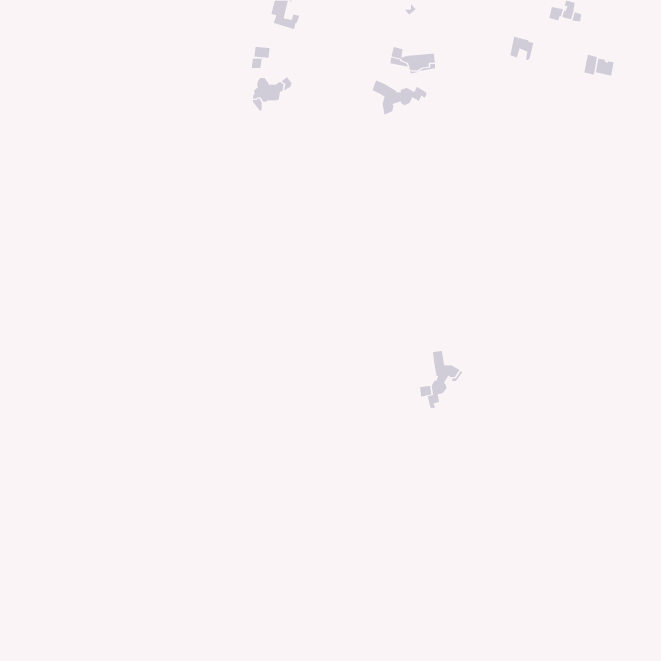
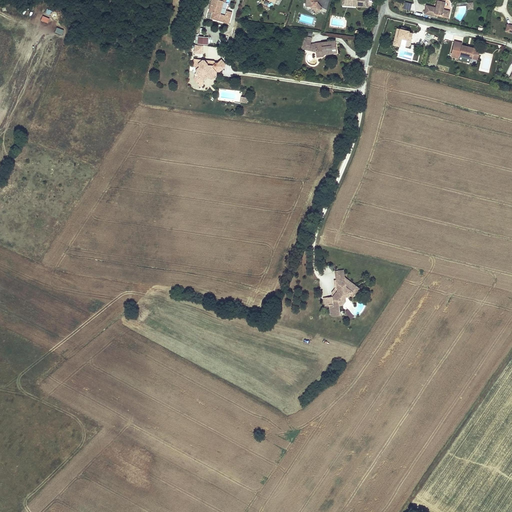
building: [372,79,427,115] -> none

